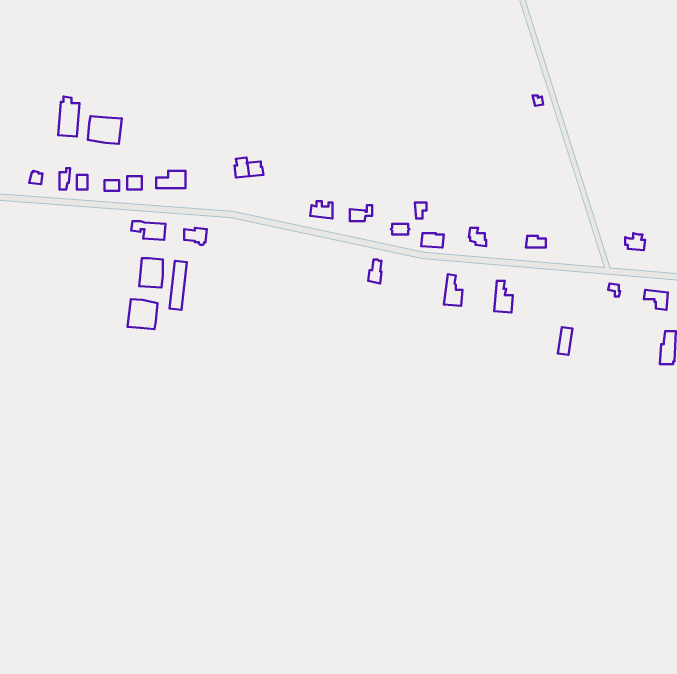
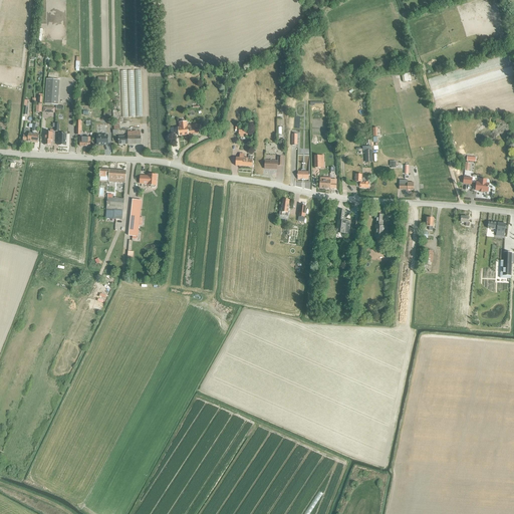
building: [88,116,122,144] -> none
building: [128,299,158,329] -> none

